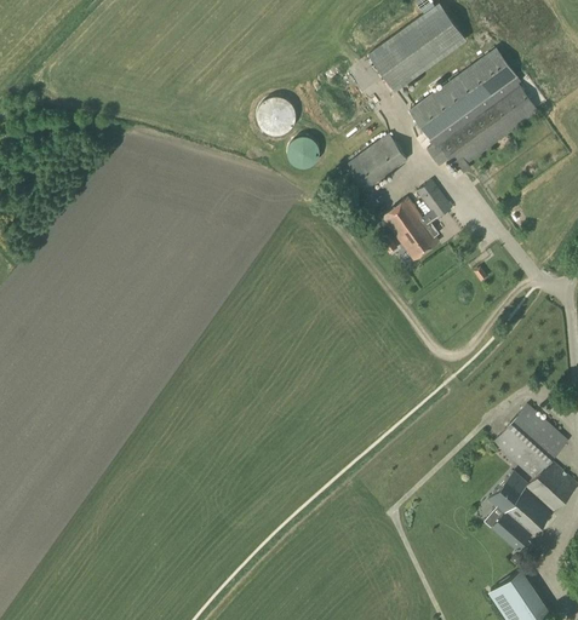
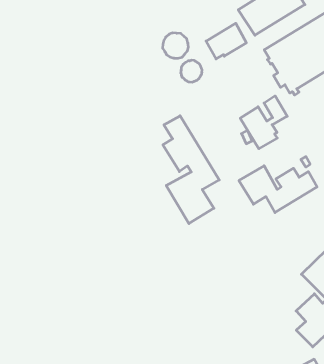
building: [347,133,407,189] -> [206,23,246,59]
building: none -> [163,116,219,224]
building: none -> [239,166,317,213]

